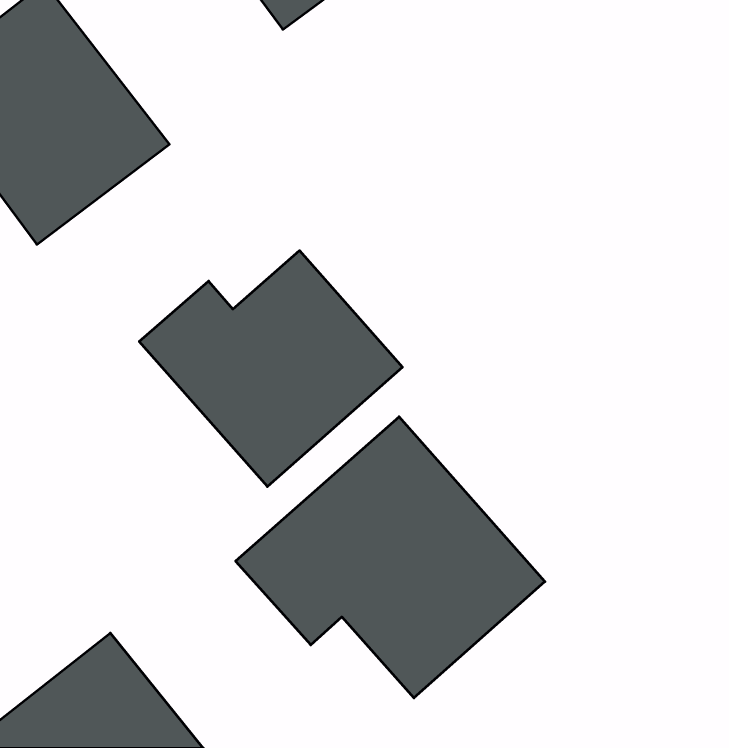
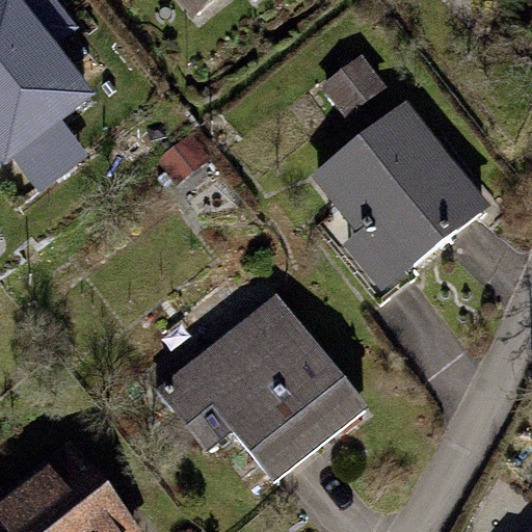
building: none -> [322,107,493,292]
building: [139,251,402,487] -> none

